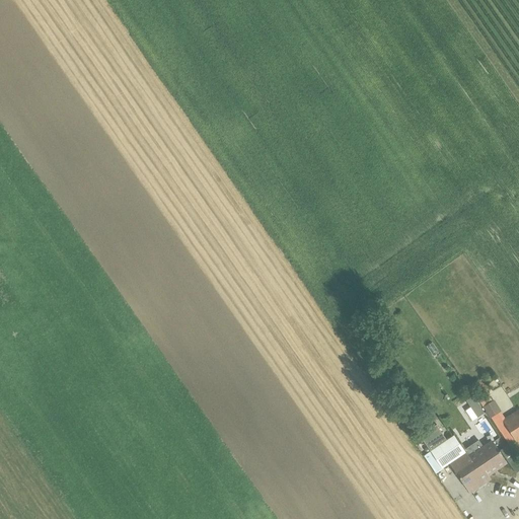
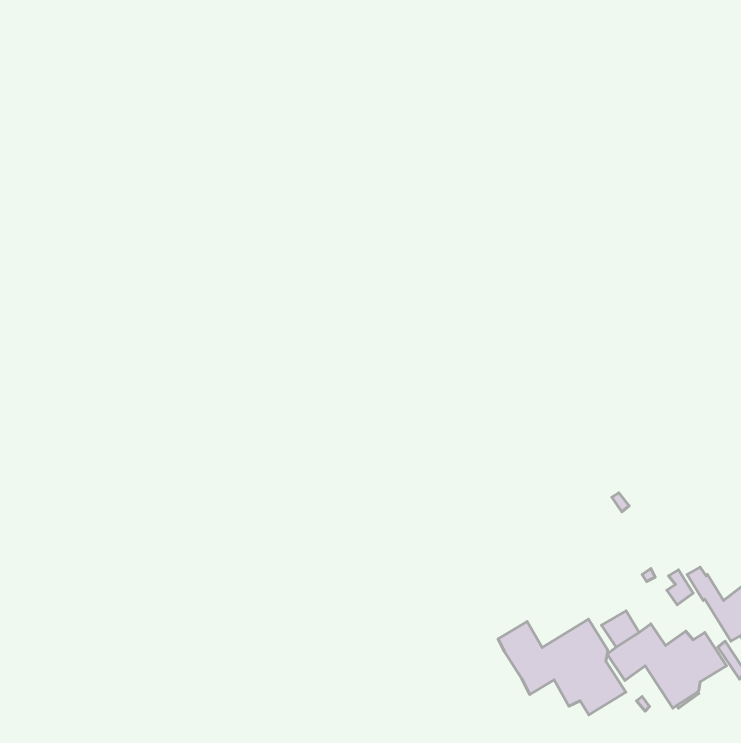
building: none -> [498,619,626,715]

